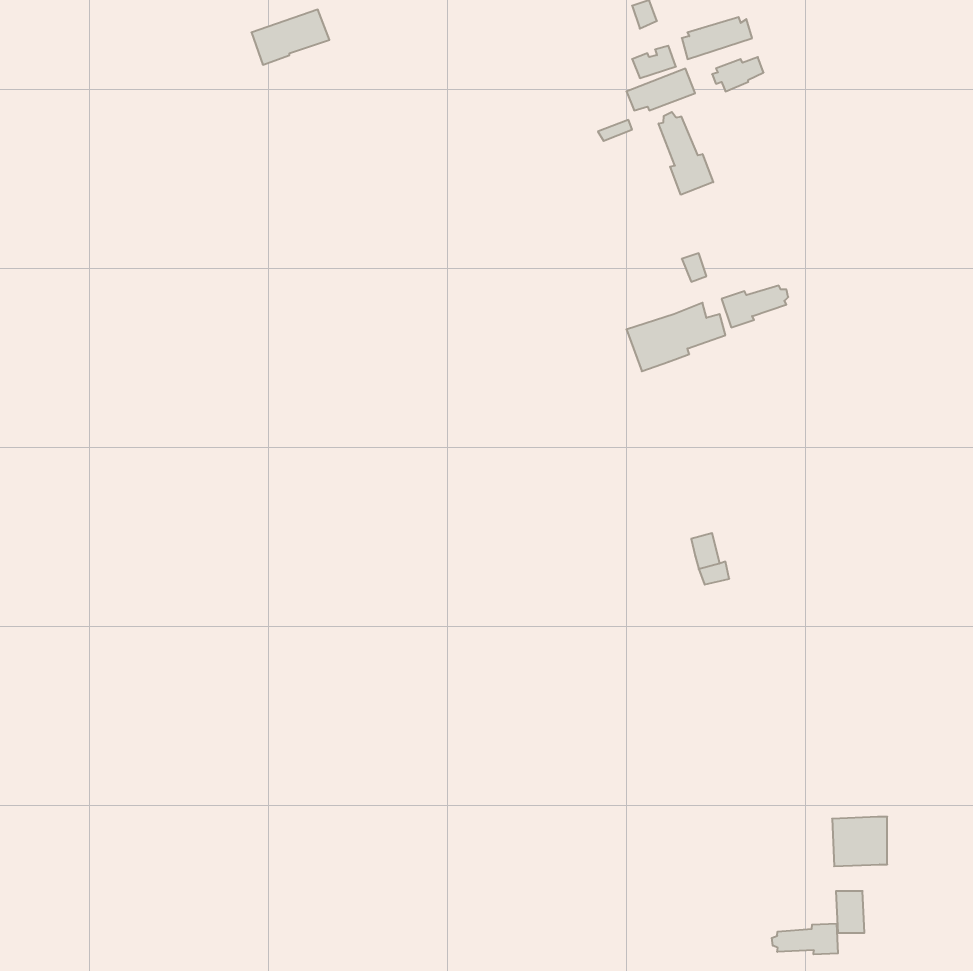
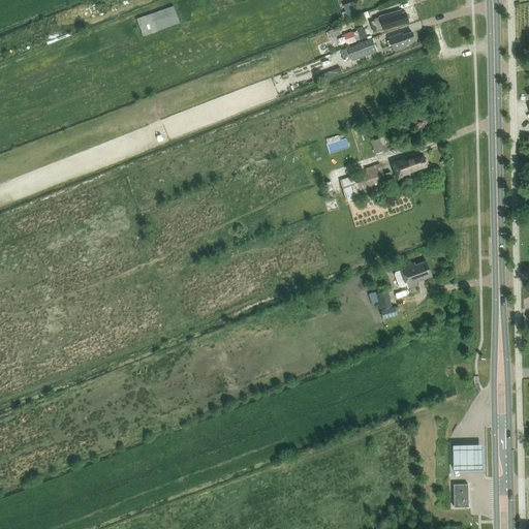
building: [659,112,713,195] -> none
building: none -> [393,260,432,287]
building: [772,924,838,954] -> none

